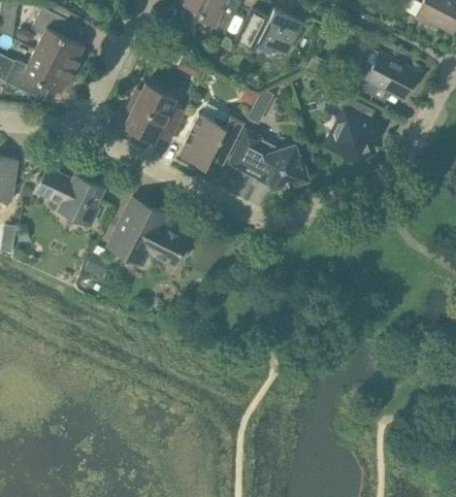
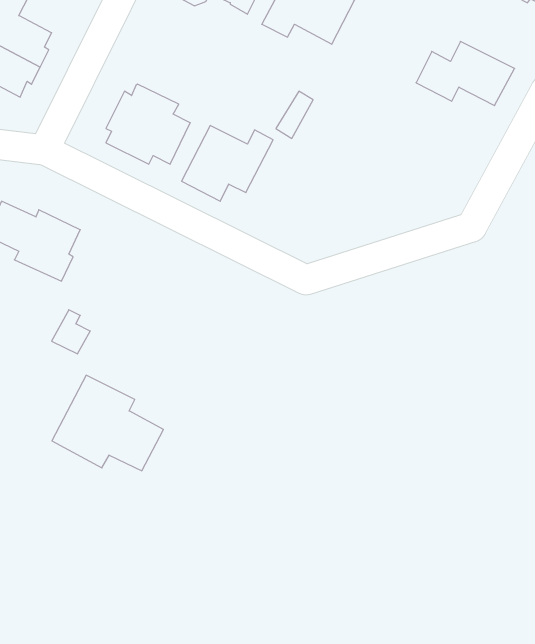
building: [322,88,380,162] -> none
building: [228,131,307,191] -> none
building: [107,199,188,268] -> [52,375,163,471]

